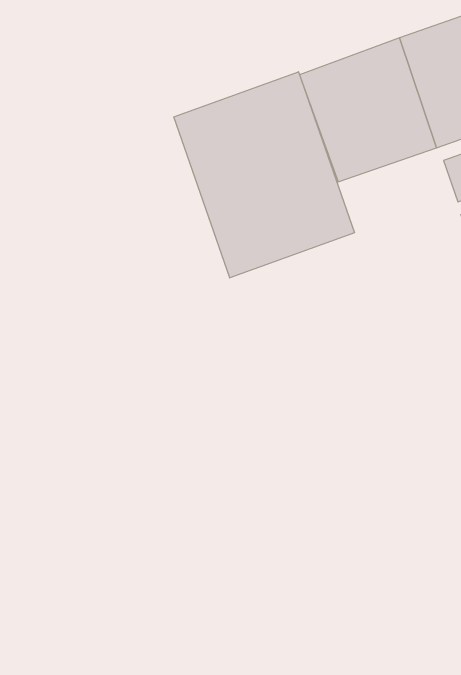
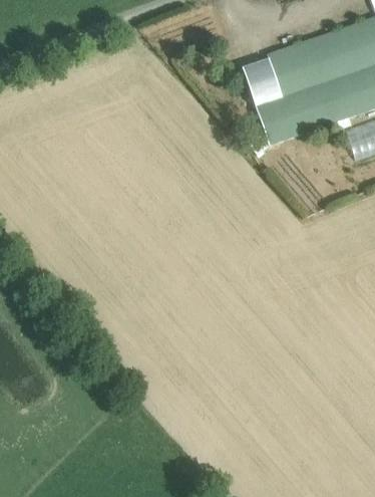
building: [174,72,354,278] -> none

